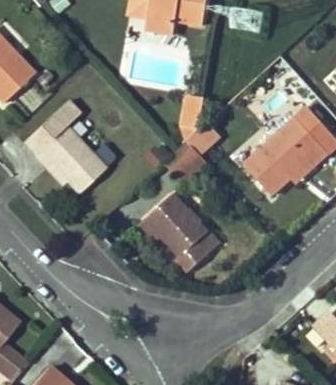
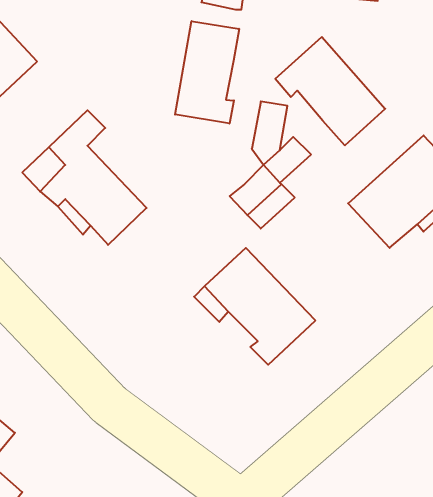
building: none -> [175,21,239,124]
building: none -> [275,37,385,145]

